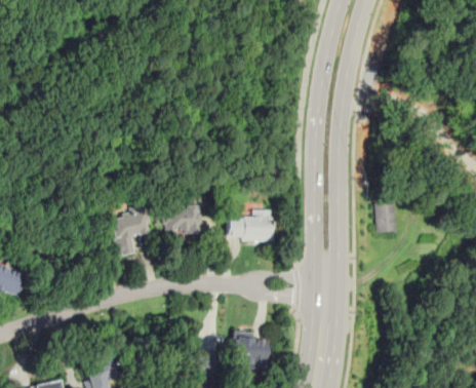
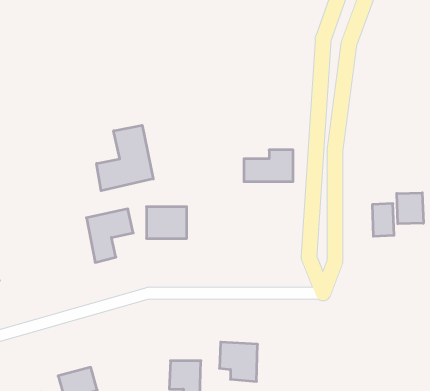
building: none -> [97,125,153,191]
building: none -> [397,193,423,224]
building: [228,210,274,240] -> [244,150,293,182]

